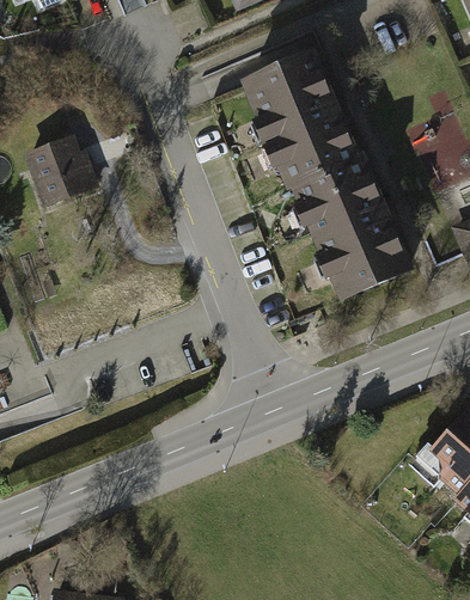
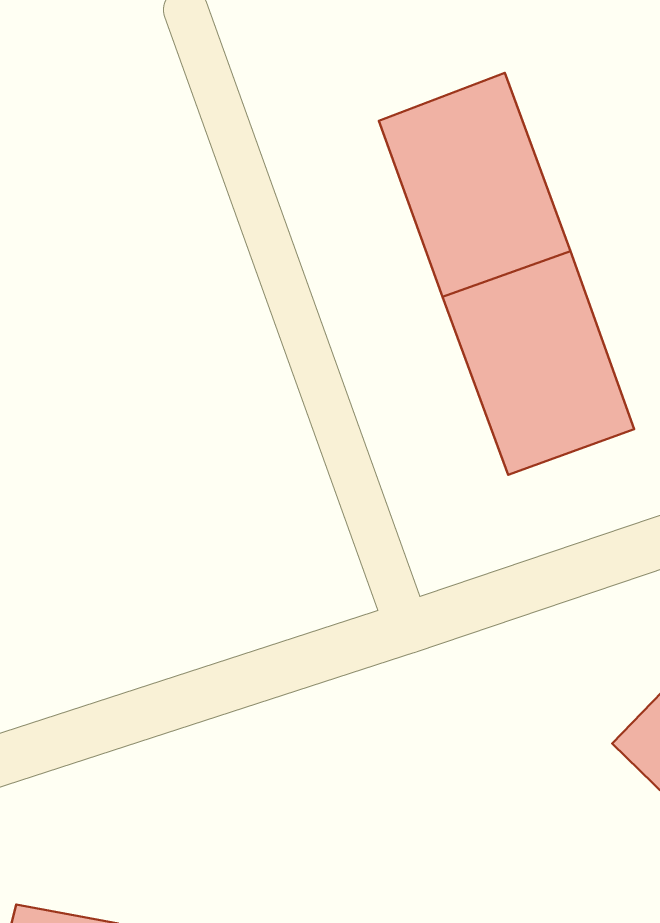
building: [20,131,98,208] -> none

